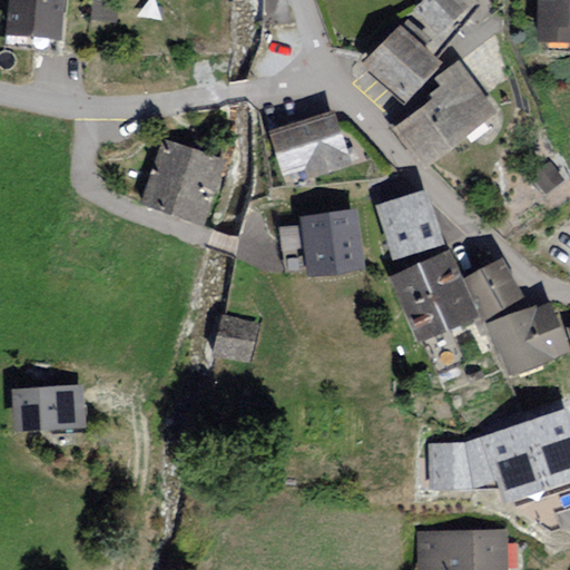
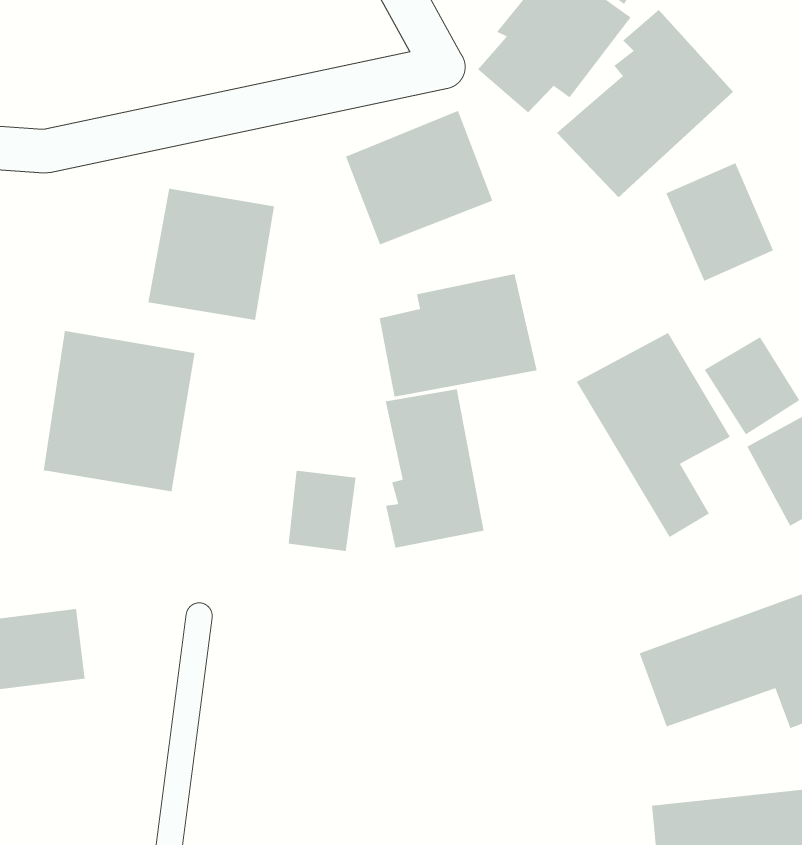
building: [382,190,443,259] -> [666,162,774,281]
building: none -> [43,330,195,492]
building: none -> [385,389,484,549]

